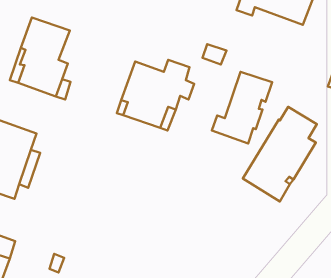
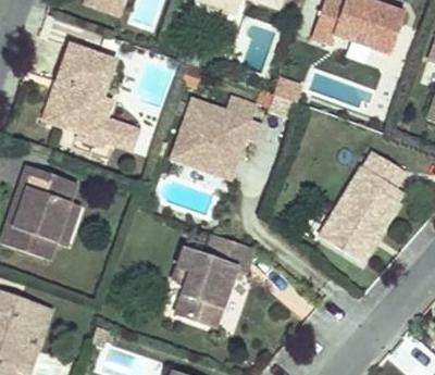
building: [212,72,272,143] -> none
building: none -> [174,234,254,325]

